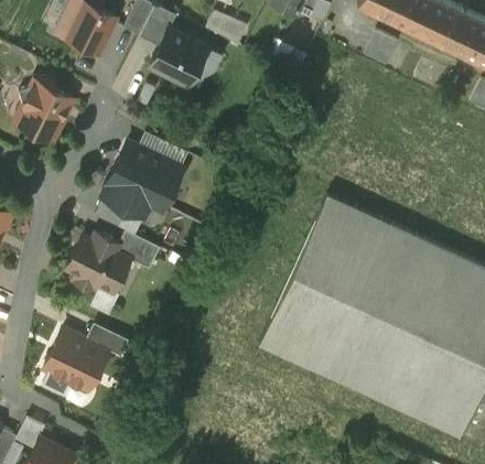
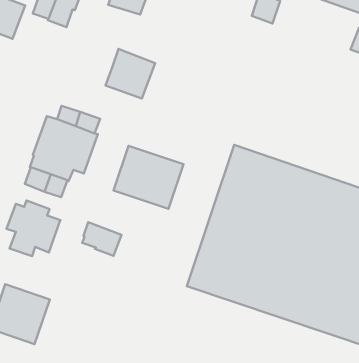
building: [149,29,206,86] -> [105,49,155,99]
building: none -> [114,146,183,209]
building: [116,230,160,270] -> [82,222,121,256]

